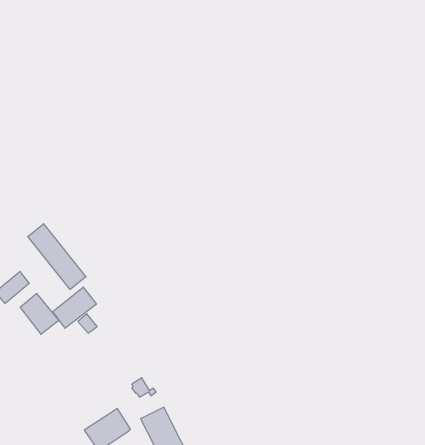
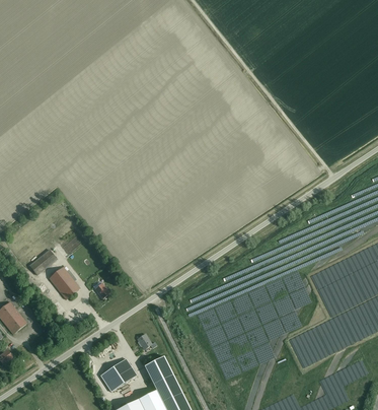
building: [28,224,86,289] -> none
building: [53,287,96,328] -> none

